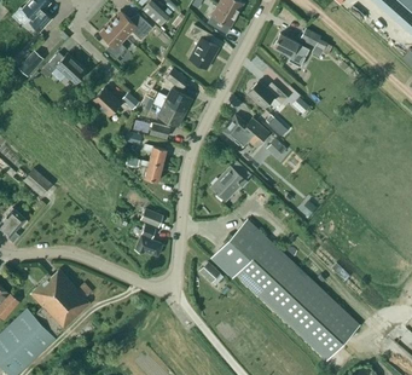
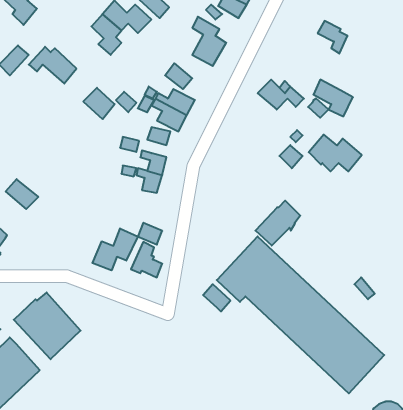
building: [274,34,309,67] -> [313,80,353,116]
building: [222,115,269,148] -> [309,135,362,171]
building: [211,161,251,201] -> [255,201,300,246]
building: none -> [92,228,138,270]

